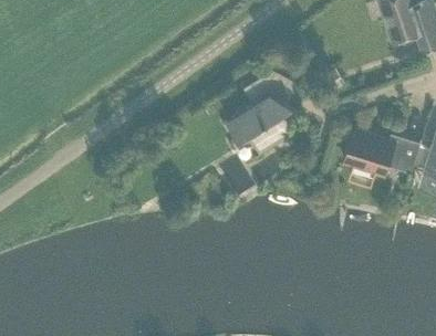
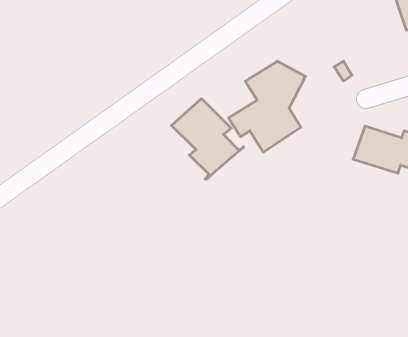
building: none -> [171,99,244,179]

